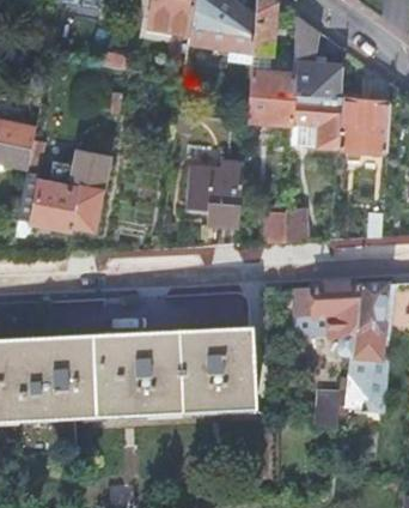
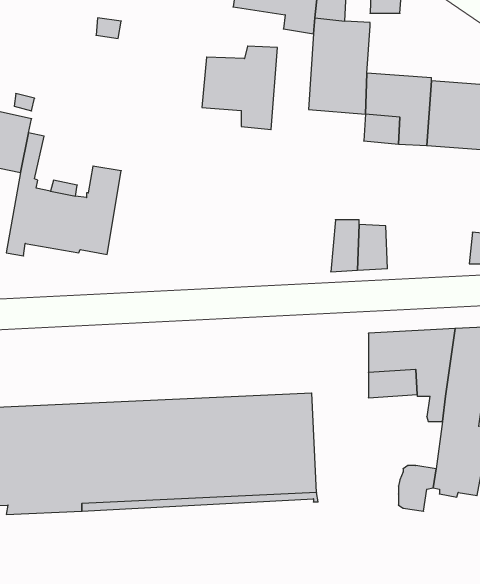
building: [293,55,344,95] -> none
building: [188,157,245,220] -> [202,46,277,130]

